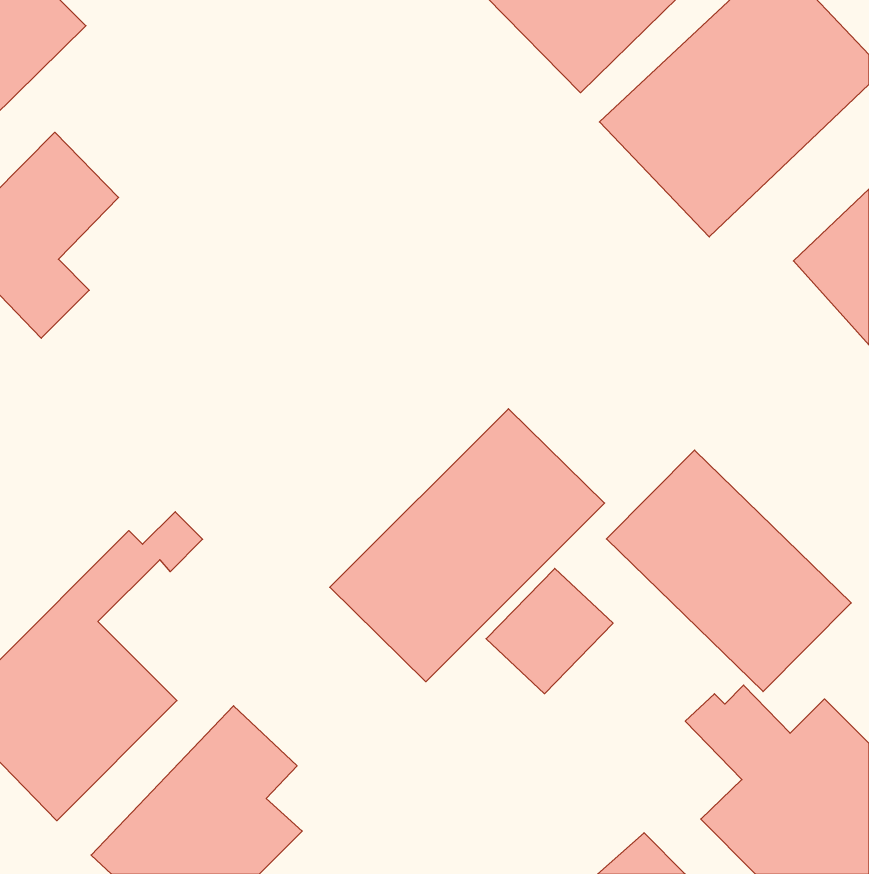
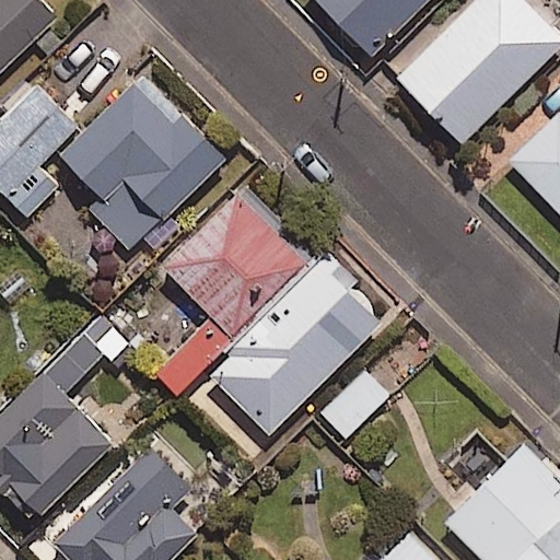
building: none -> [62,77,223,250]
building: none -> [158,189,316,394]
building: [606,450,851,692] -> none

